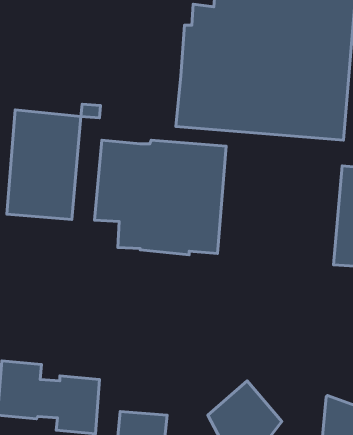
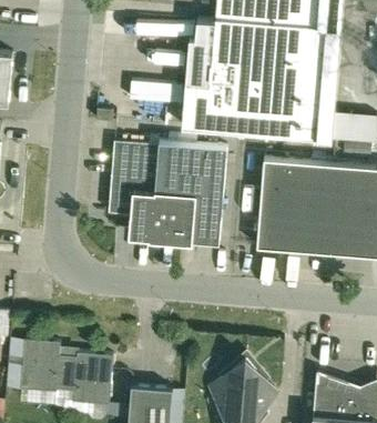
building: [7,110,81,219] -> none
building: none -> [256,160,330,254]

